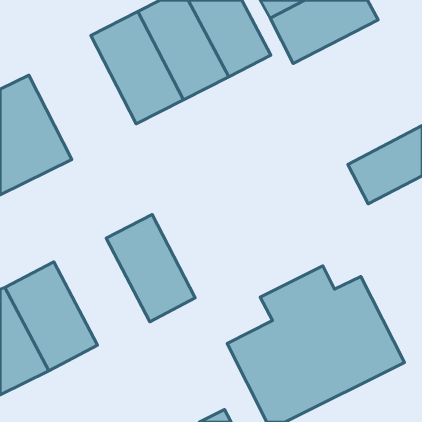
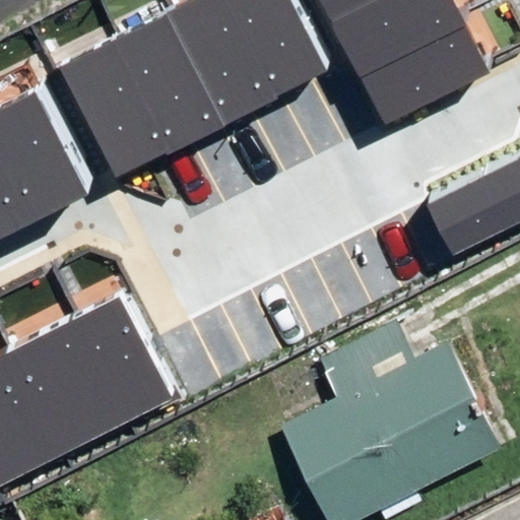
building: none -> [361,24,491,127]
building: none -> [62,44,168,178]
building: [106,214,195,322] -> [66,292,176,425]

